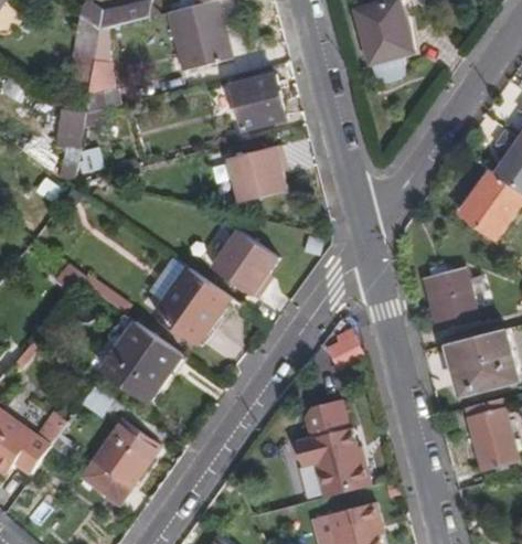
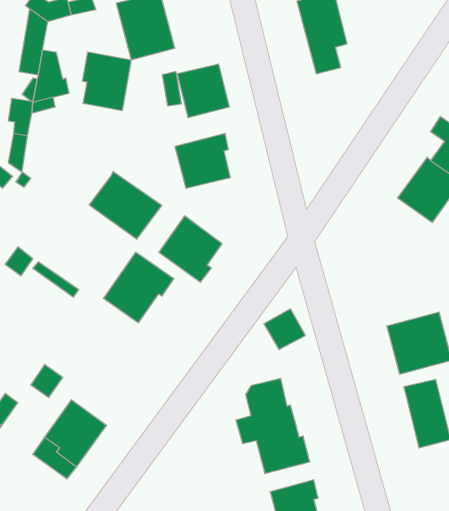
building: none -> [83,52,131,111]
building: none -> [89,171,162,239]
building: [426,266,476,331] -> none
building: [102,321,182,402] -> none

